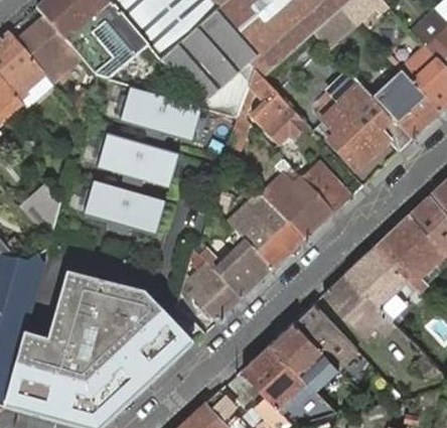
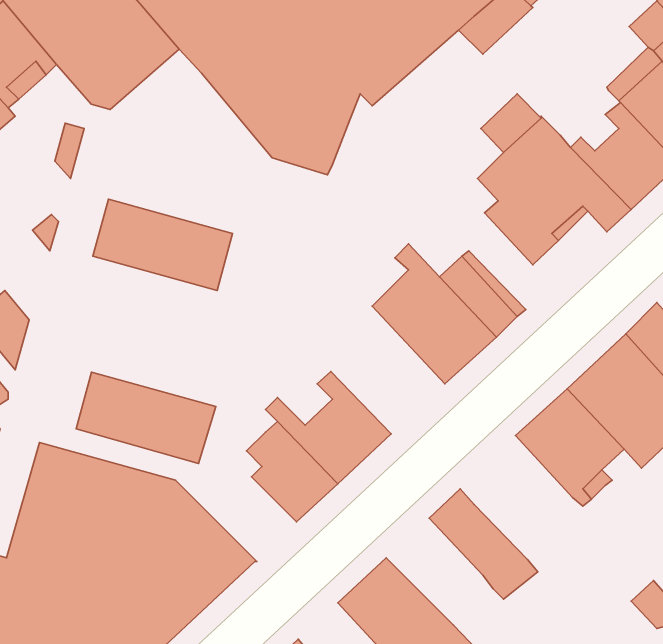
building: [248,70,303,144] -> none
building: [120,86,200,141] -> none
building: [85,179,166,233] -> [76,372,216,463]
building: [226,192,303,269] -> none
building: [321,270,394,338] -> none
building: [269,318,331,381] -> none

